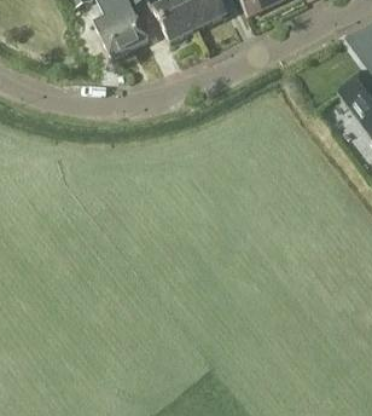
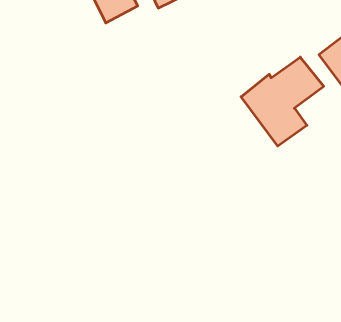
building: none -> [241,57,324,146]

